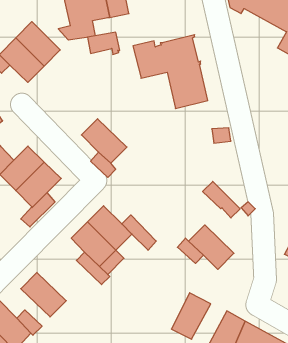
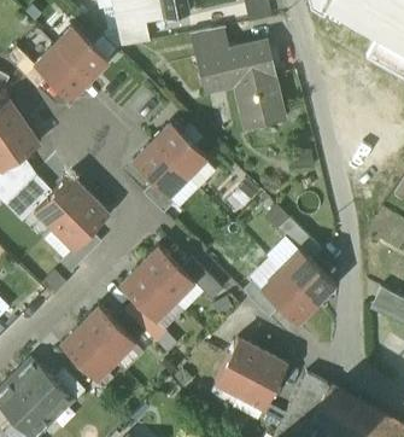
building: [87,32,120,54] -> [191,30,229,57]
building: none -> [152,123,206,176]
building: none -> [280,249,334,303]
building: none -> [80,305,134,360]
building: none -> [215,338,262,394]

